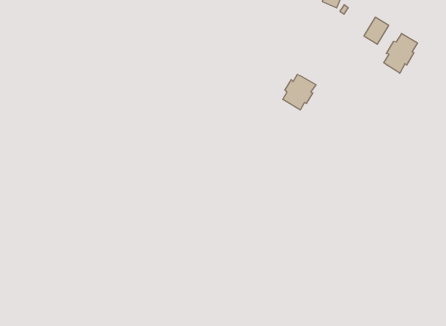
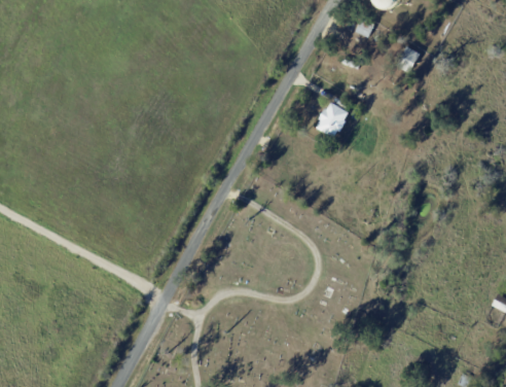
building: [384,33,417,73] -> none

